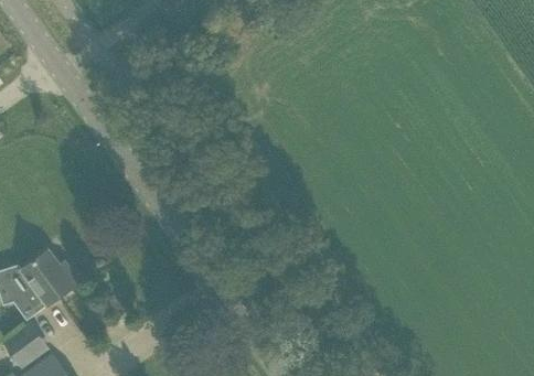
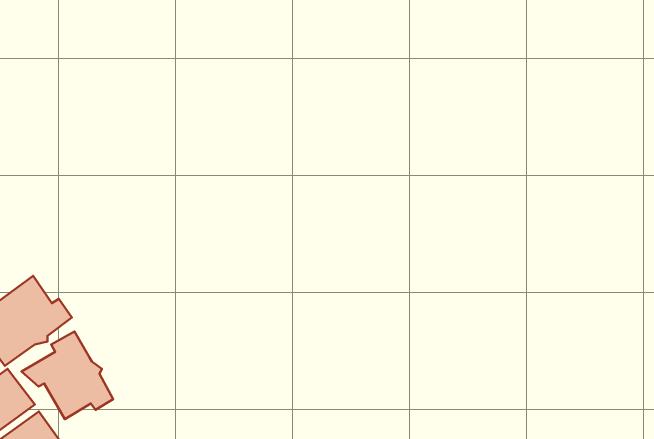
building: none -> [22,332,113,419]

